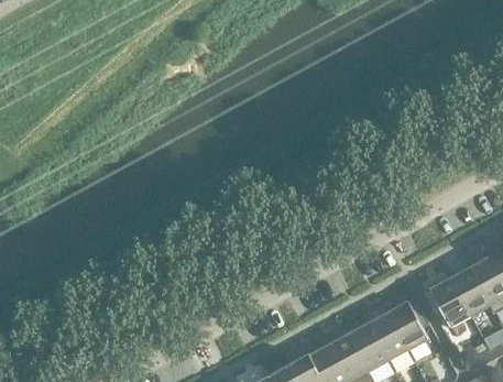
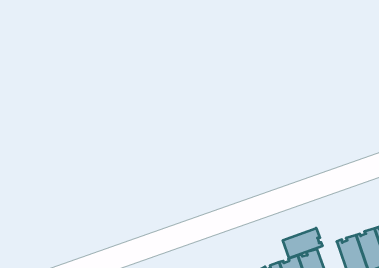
building: none -> [283,228,322,258]

